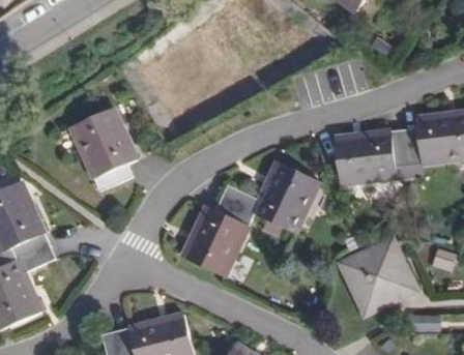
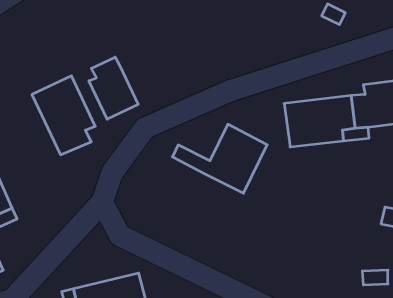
building: none -> [89,57,138,119]
building: [176,194,249,276] -> none
building: [341,242,409,310] -> none

